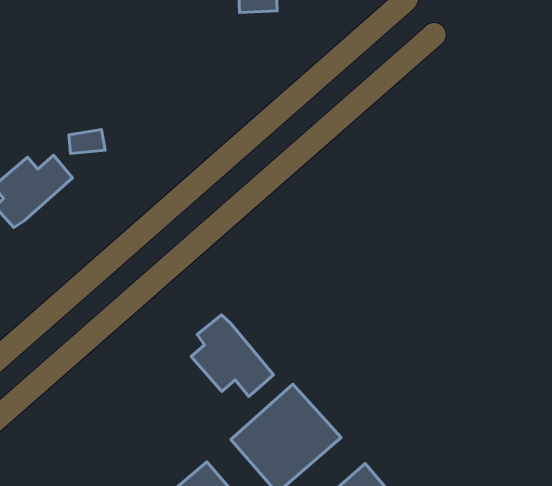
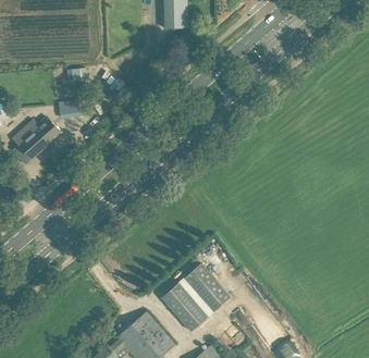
building: [191,315,273,396] -> none

